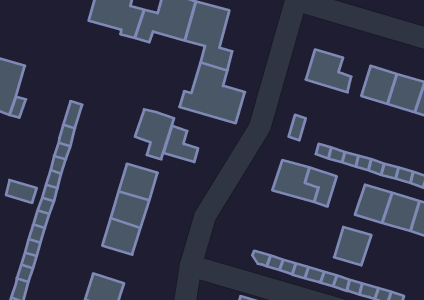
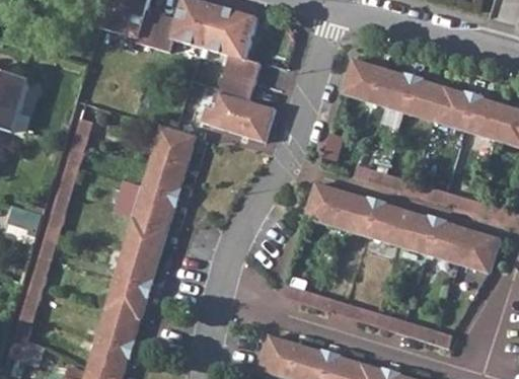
building: none -> [378,69,414,111]
building: [164,126,198,162] -> [142,157,180,198]
building: [334,227,371,265] -> [366,202,407,244]
building: none -> [104,279,148,321]

